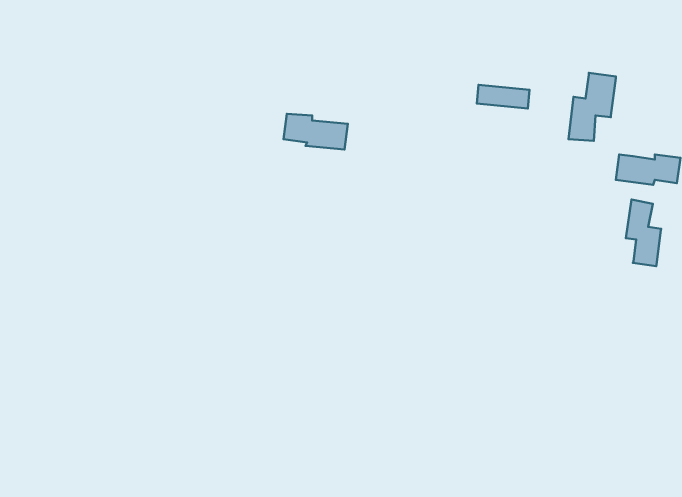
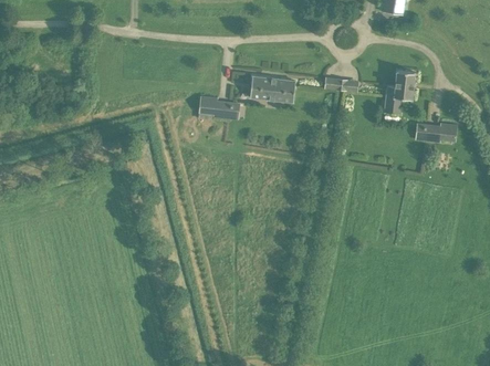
building: none -> [250,76,295,102]
building: [626,199,661,266] -> none

